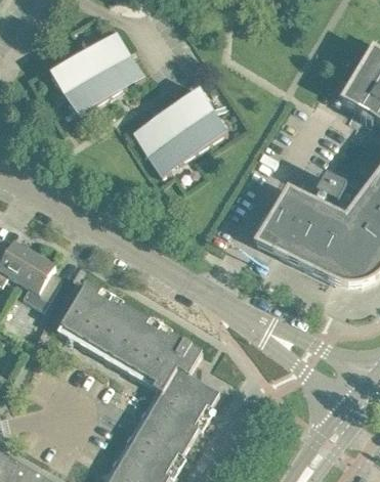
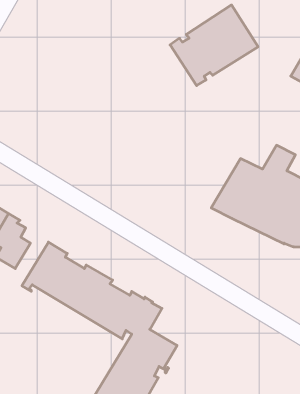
building: [48,30,143,117] -> none
building: [131,88,226,175] -> [170,5,258,86]

